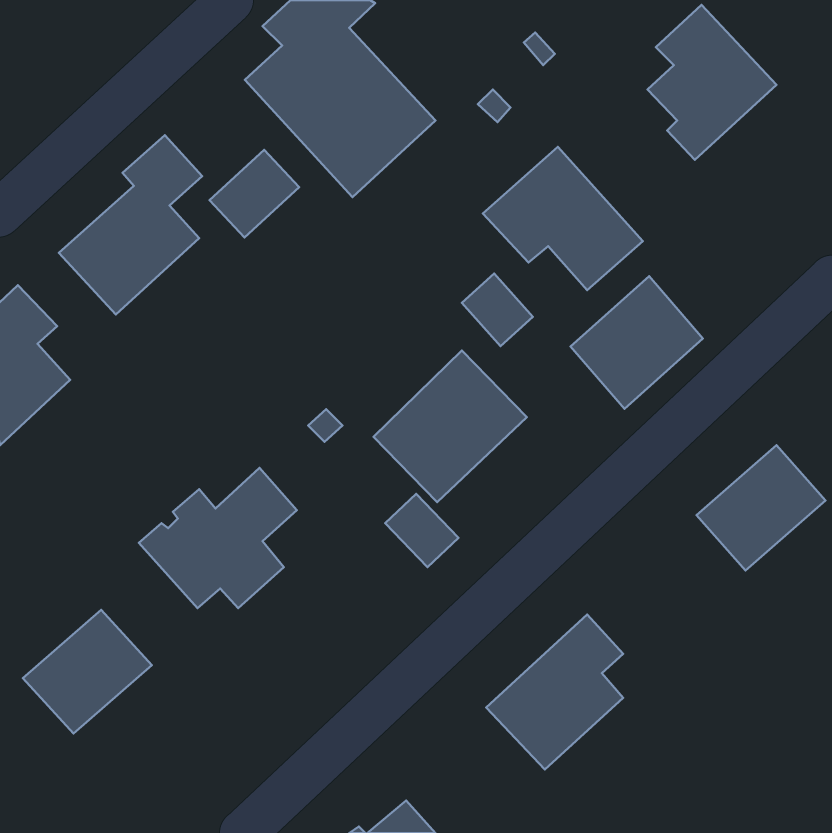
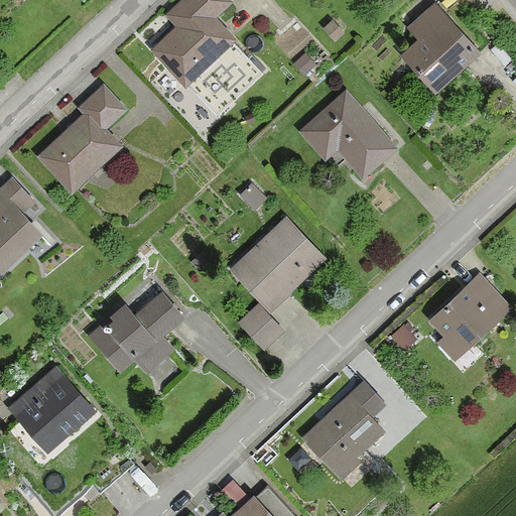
building: [210,150,299,237] -> none
building: [462,274,533,346] -> none
building: [571,276,703,409] -> none

